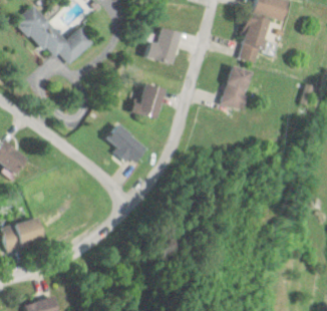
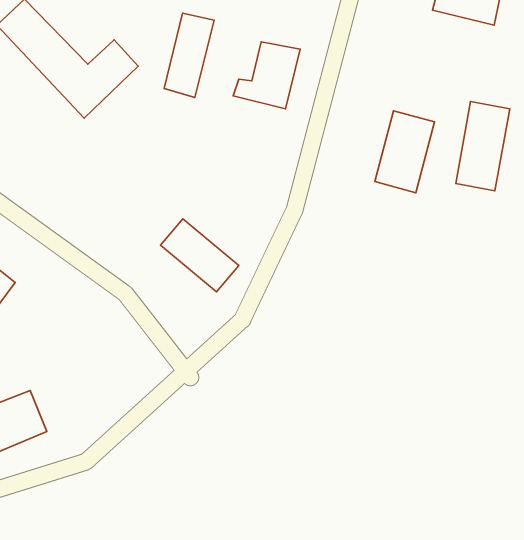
building: none -> [164,13,214,98]
building: [239,14,268,62] -> [456,101,510,191]
building: [130,83,164,120] -> none

